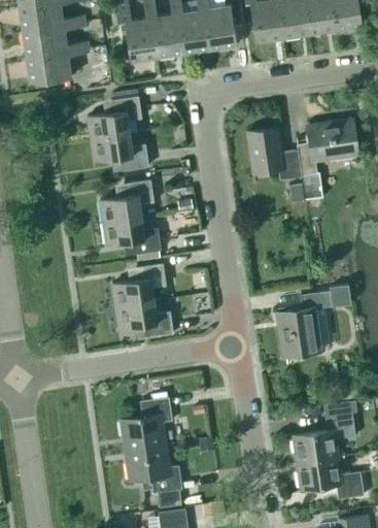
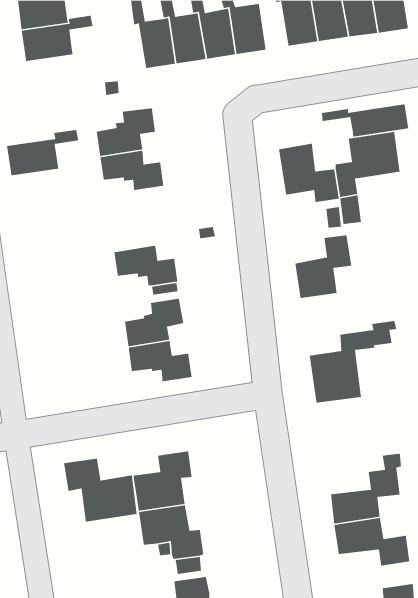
building: [26,41,90,82] -> [6,129,79,176]
building: none -> [321,104,409,137]
building: [100,179,152,223] -> none
building: none -> [295,235,352,299]
building: none -> [63,458,138,522]

